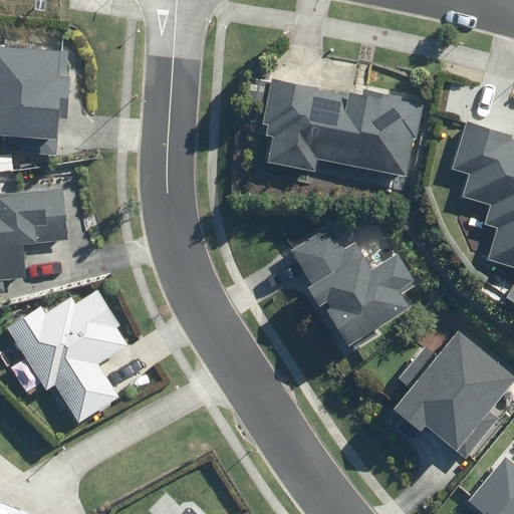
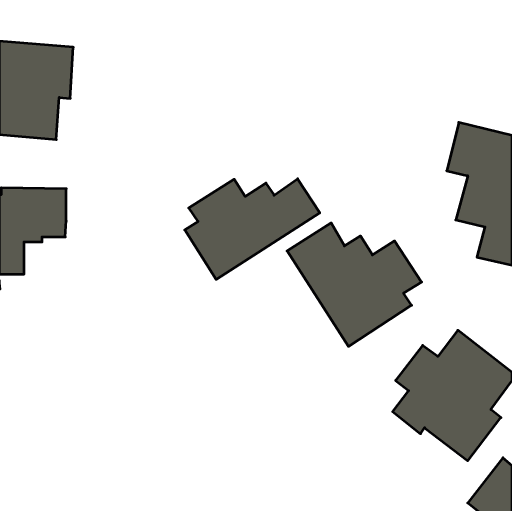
building: [255,75,426,175] -> none
building: none -> [185,179,320,279]
building: [4,291,127,424] -> none

